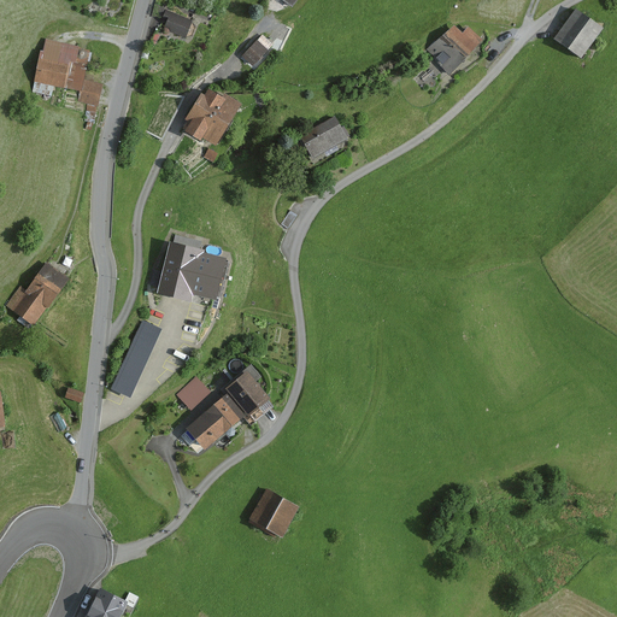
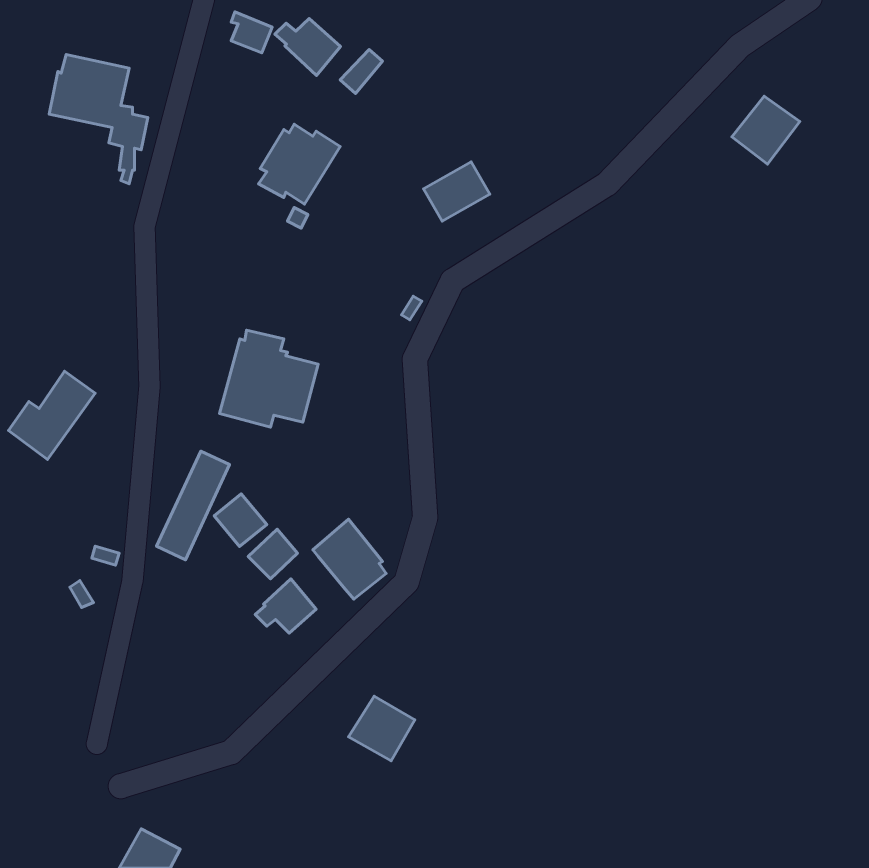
building: [554,8,603,57] -> [732,96,800,164]
building: none -> [275,19,340,75]
building: [427,24,483,75] -> none
building: [206,394,243,431] -> [214,494,267,547]

